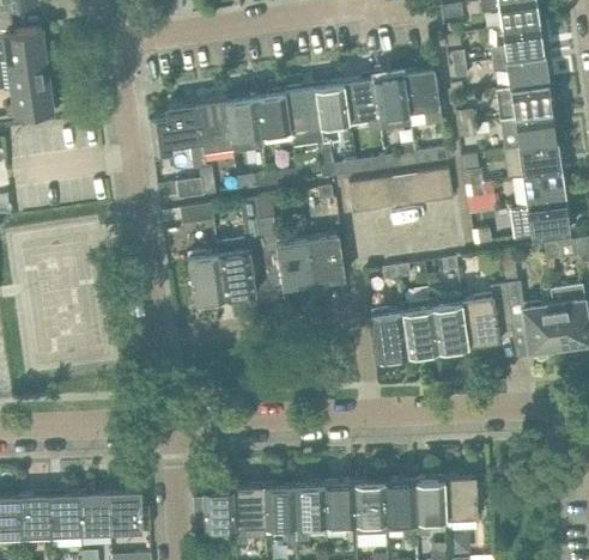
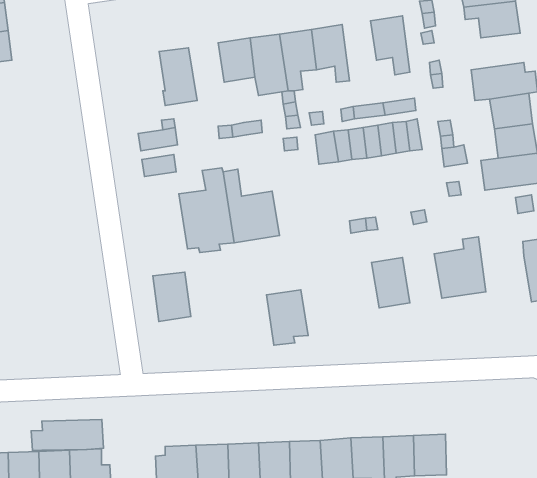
building: [376,75,412,134] -> none
building: [497,87,553,123] -> none
building: [226,97,263,153] -> none
building: [148,105,205,168] -> none
building: [308,237,345,285] -> none
building: [188,255,225,303] -> [153,272,191,321]
building: [509,284,560,353] -> none
building: [433,297,473,351] -> none
building: [371,311,412,365] -> [266,290,308,345]
building: none -> [31,419,103,451]

